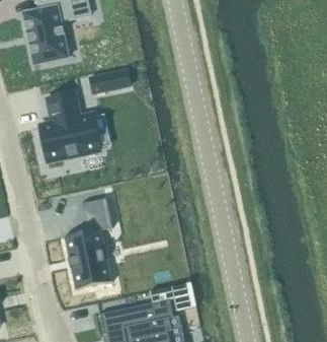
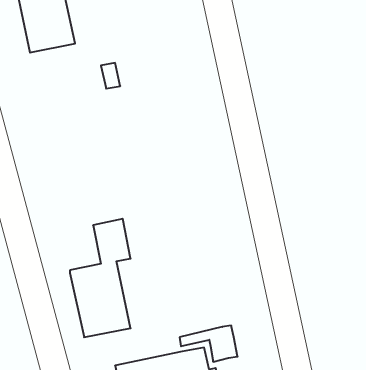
building: [39,91,99,161] -> none

